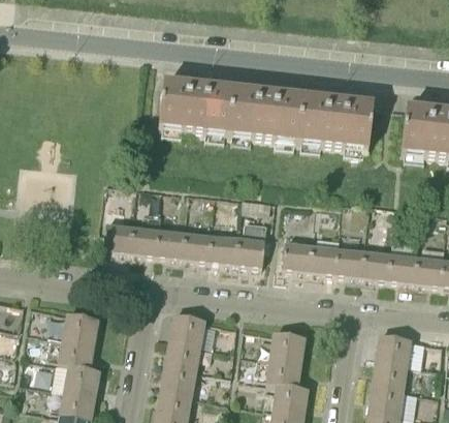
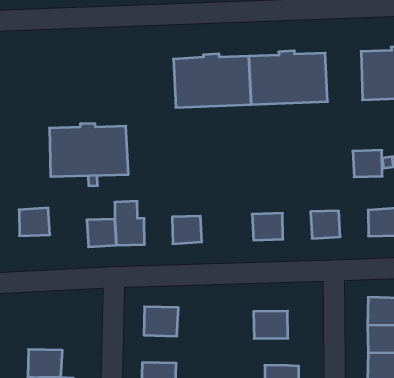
building: [158,83,233,135] -> [49,124,128,177]
building: [235,221,266,265] -> none
building: [103,224,133,251] -> [19,208,50,236]
building: [183,233,212,260] -> none
building: [310,246,339,273] -> none
building: [362,251,391,278] -> [353,150,382,177]
building: [63,312,98,342] -> none
building: [165,339,200,369] -> none
building: [266,357,301,386] -> none

